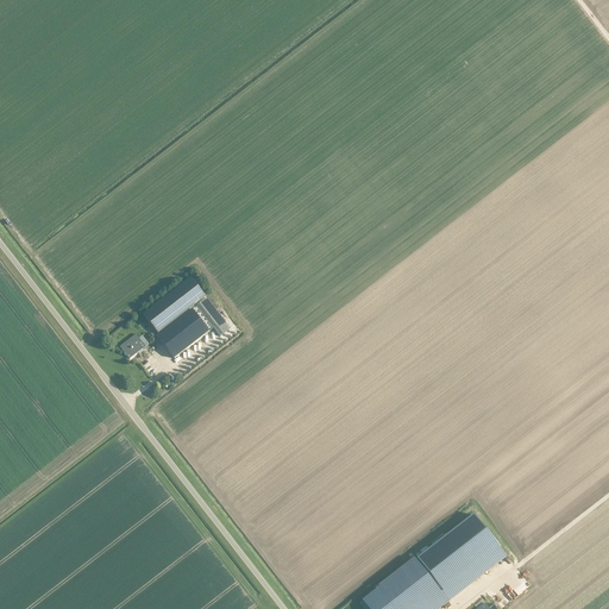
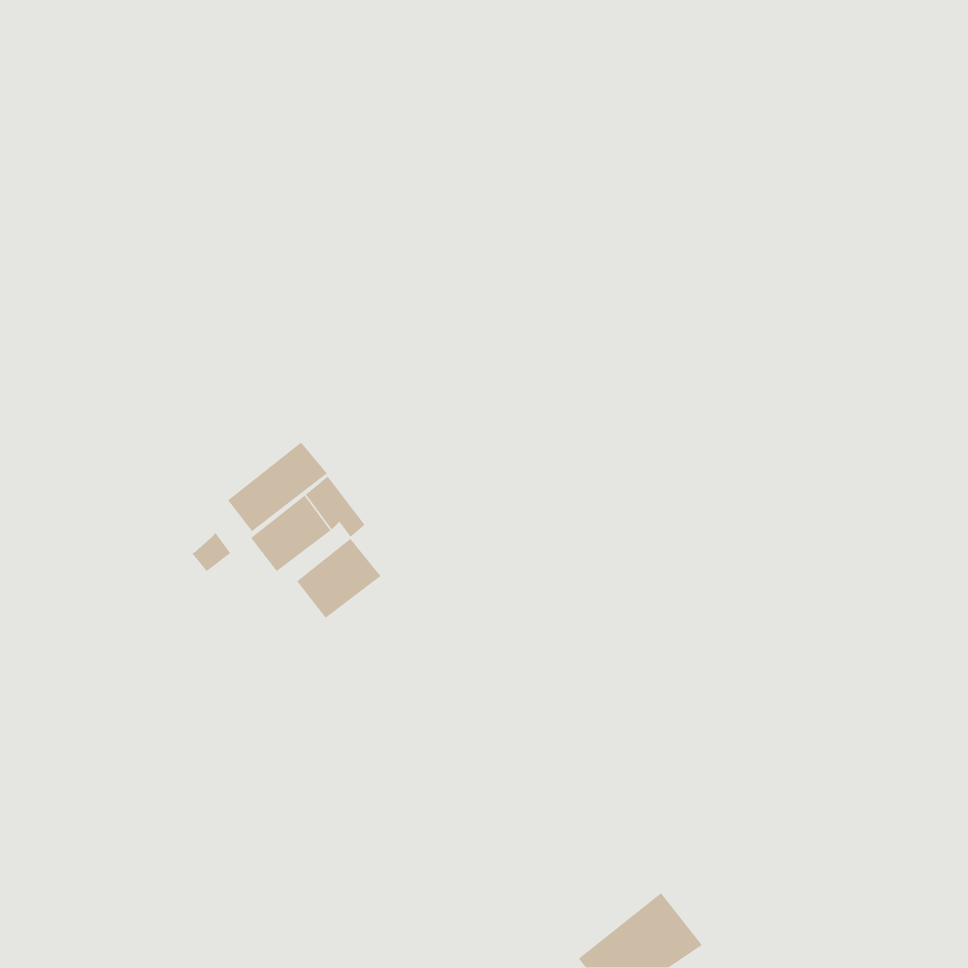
building: none -> [296,538,382,619]
building: [417,515,500,592] -> none

